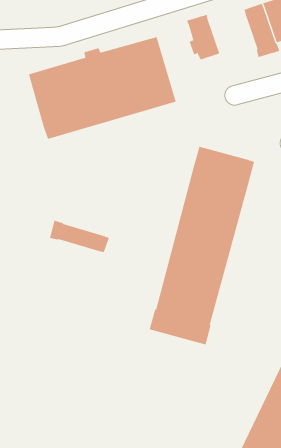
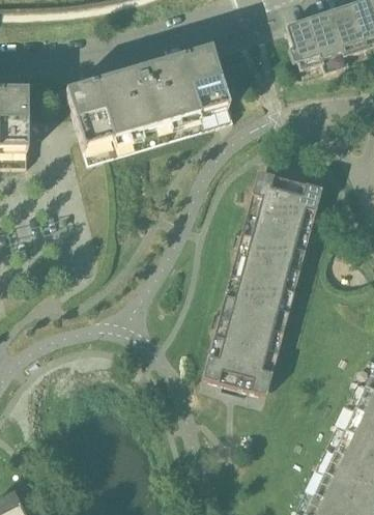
building: [186,14,220,60] -> [288,12,326,64]
building: [49,220,109,253] -> none

